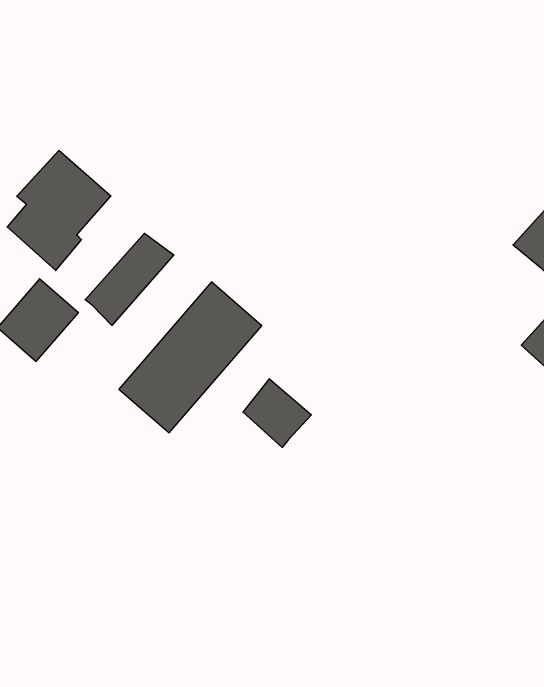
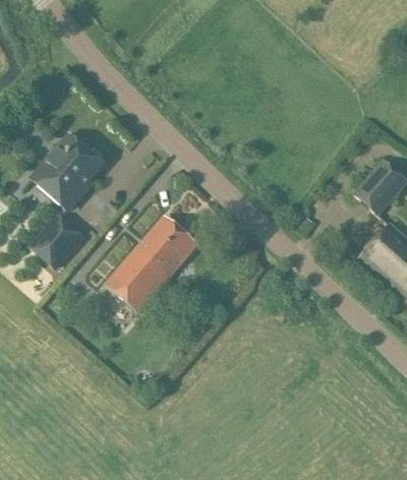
building: [85,233,174,325] -> none
building: [243,379,311,447] -> none

